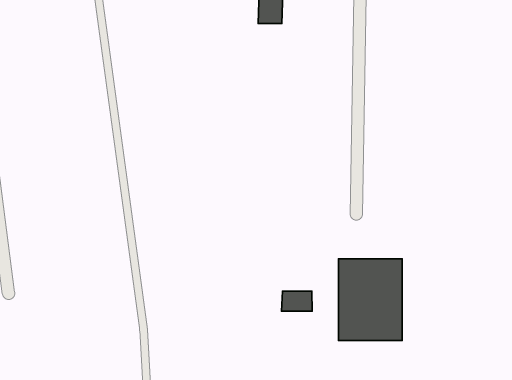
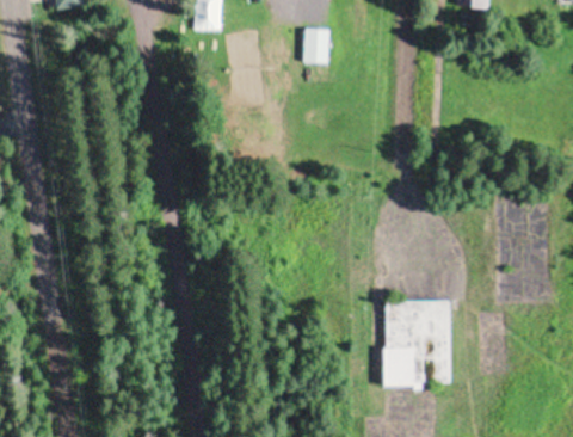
building: [282,291,312,311] -> none

